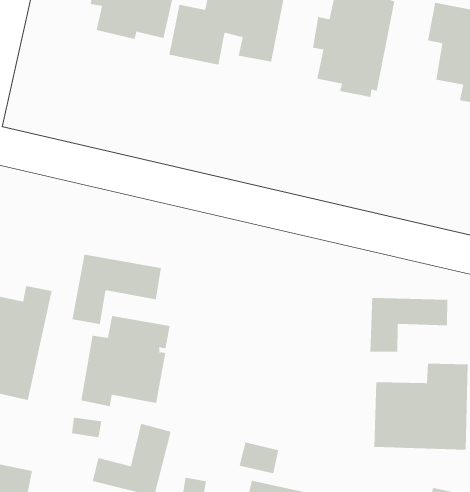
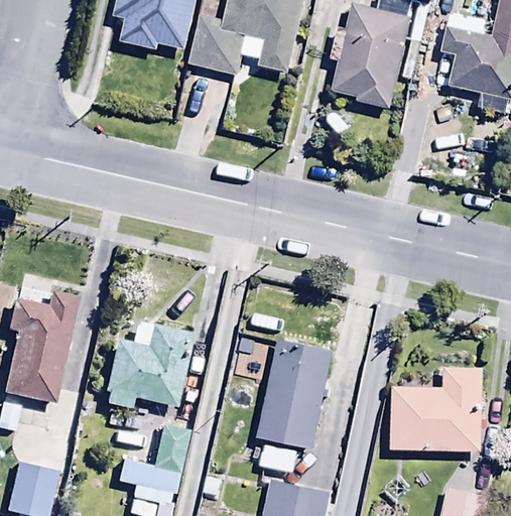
building: [72,254,161,325] -> none
building: [370,297,448,353] -> none
building: none -> [257,337,334,447]

